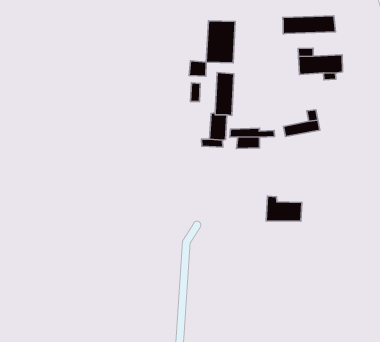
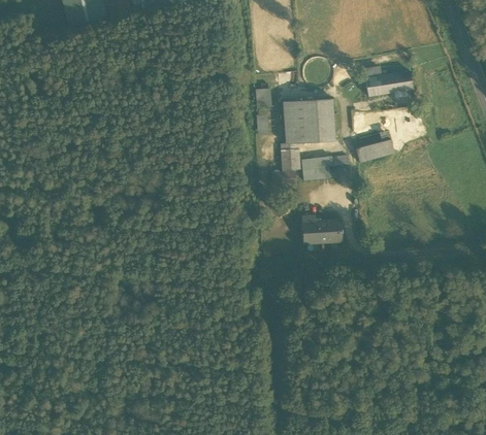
building: [283,16,335,34] -> none
building: [206,21,235,63] -> [301,99,331,144]
building: [266,196,302,221] -> [303,220,341,245]

